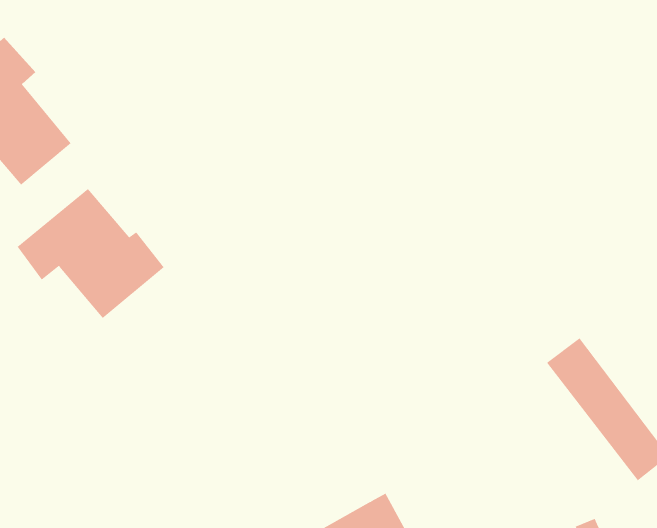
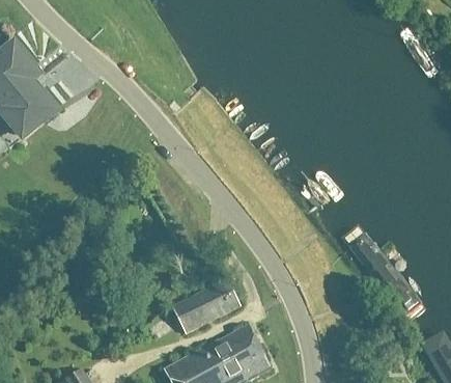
building: [17,188,164,319] -> none
building: none -> [172,278,241,332]

